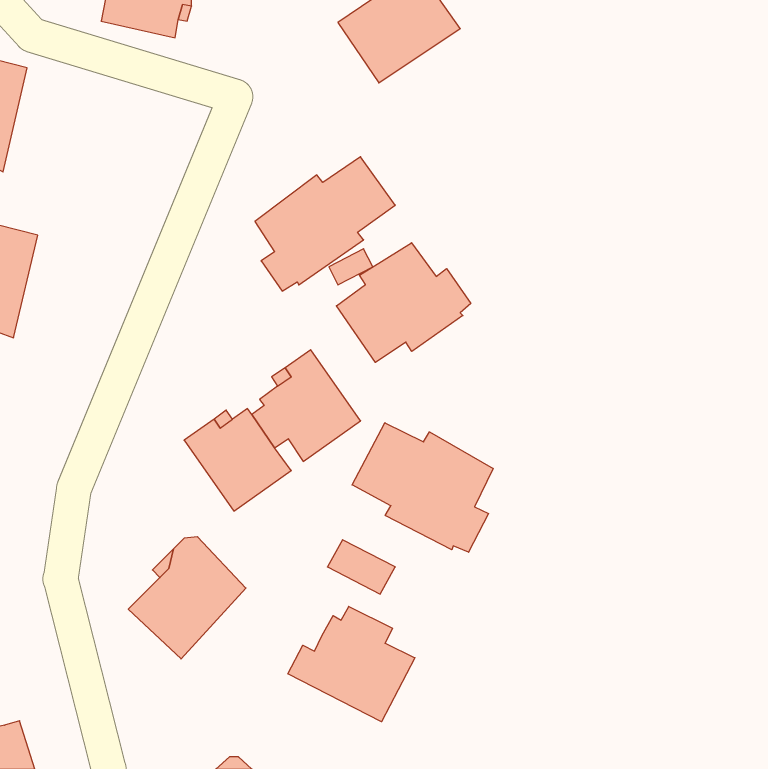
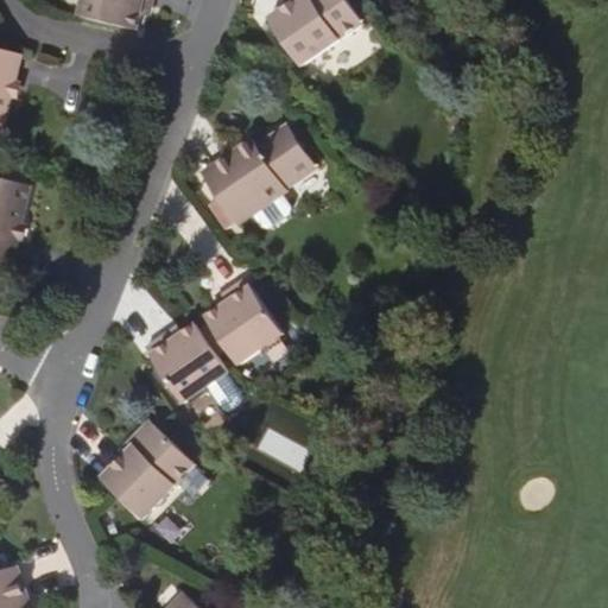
building: [336,243,471,362] -> none
building: [352,423,493,552] -> none
building: [288,606,415,722] -> none

